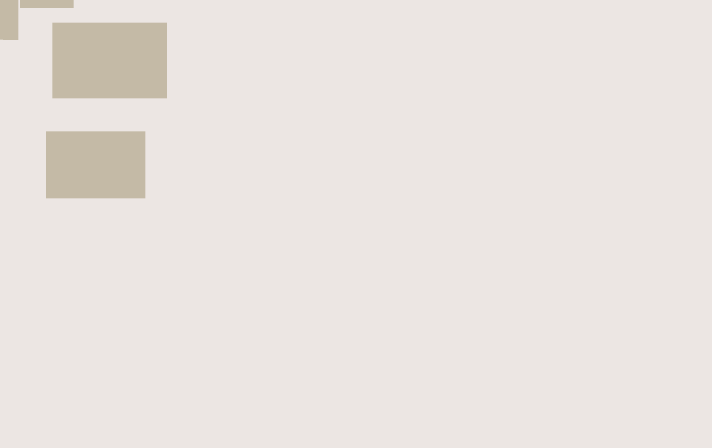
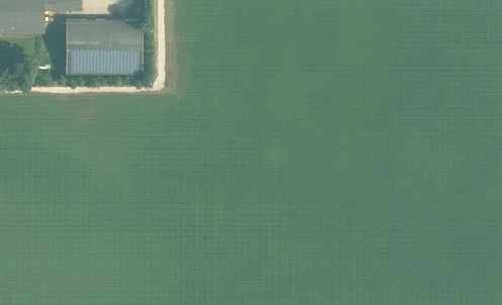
building: [45,131,146,199] -> none

